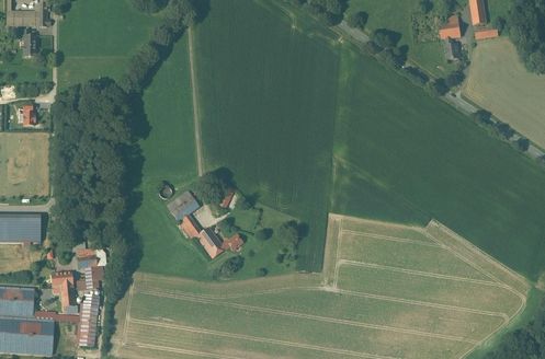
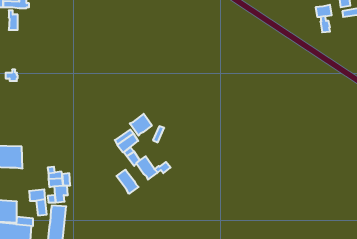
building: none -> [130,114,152,136]
building: none -> [116,170,139,194]

